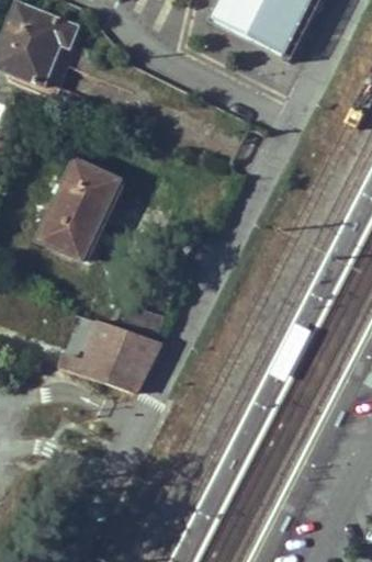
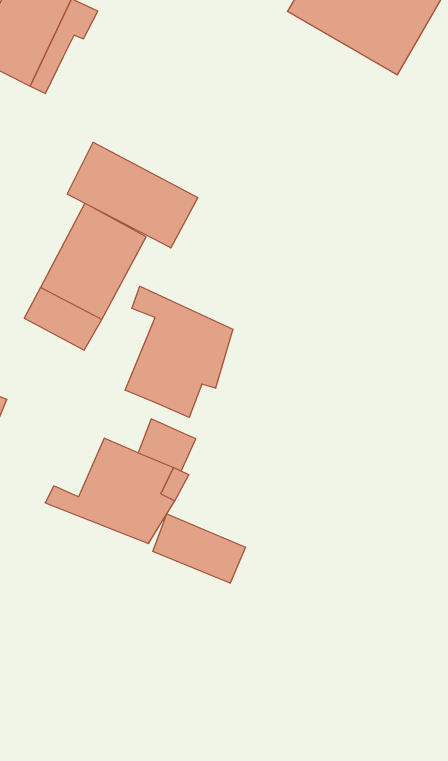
building: none -> [67,142,198,248]
building: none -> [125,286,233,417]
building: none -> [153,514,245,583]

